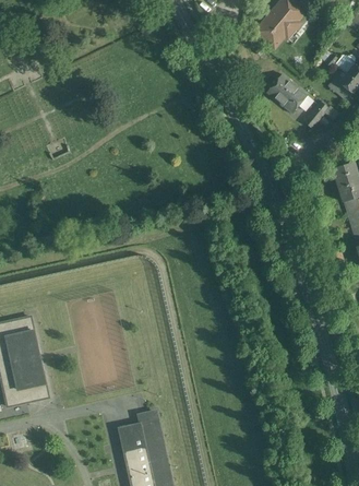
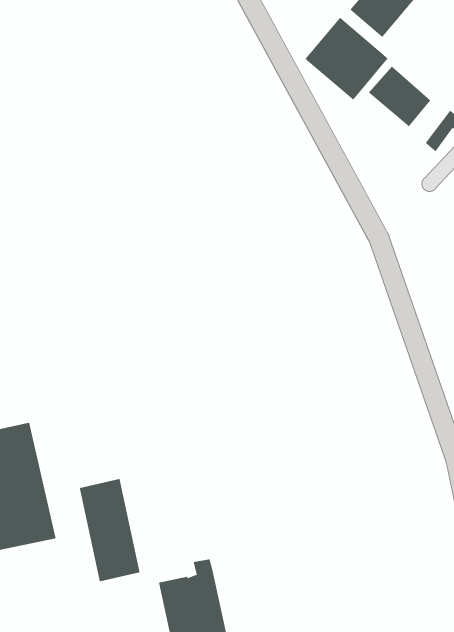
building: none -> [305,17,389,100]
building: none -> [79,478,140,582]

